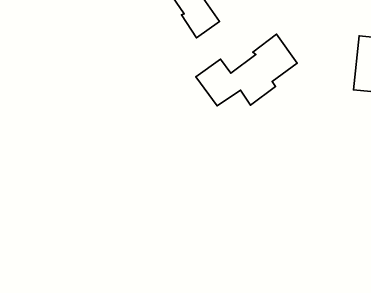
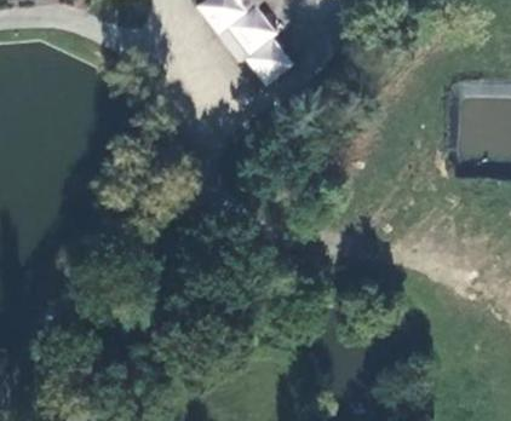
building: [196,34,297,106] -> none

